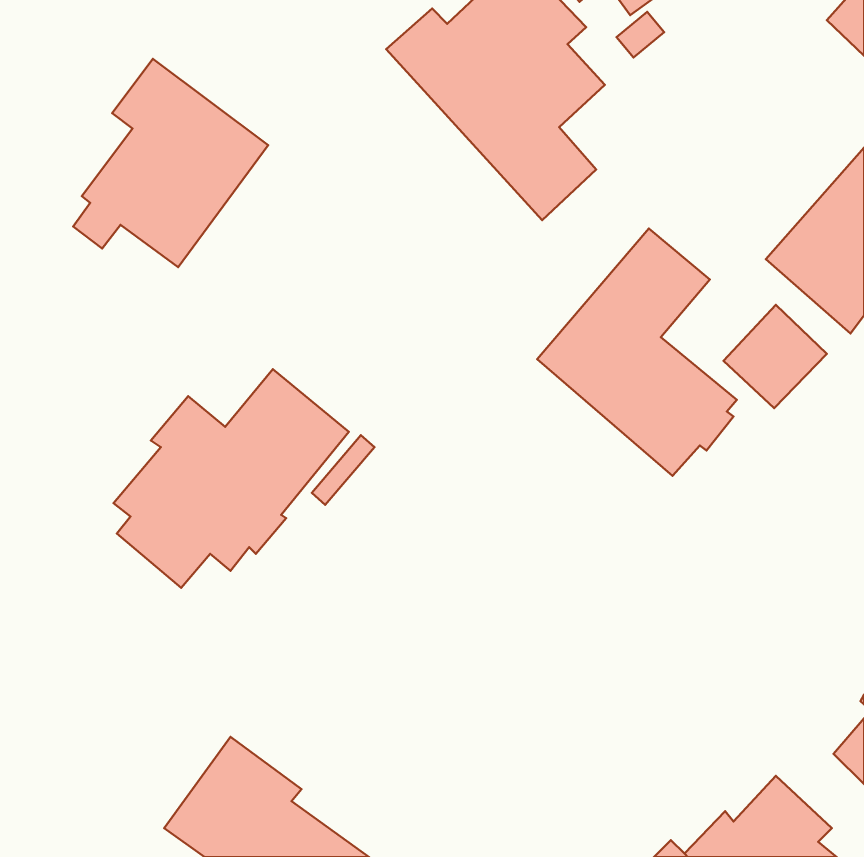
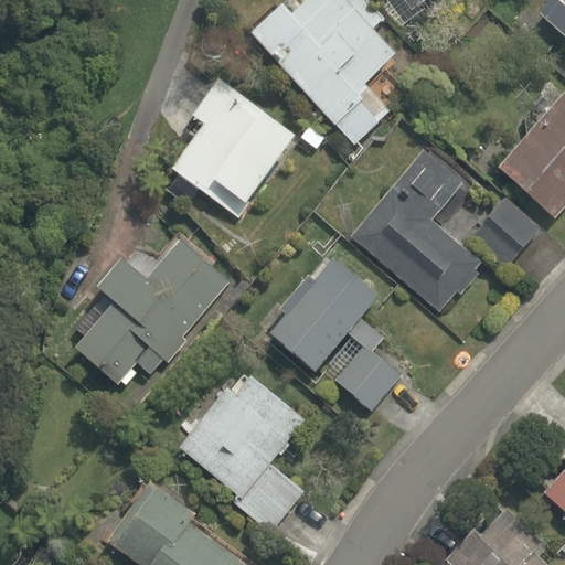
building: [73,59,268,267] -> [167,79,294,215]
building: none -> [269,259,399,409]
building: none -> [180,375,305,531]

